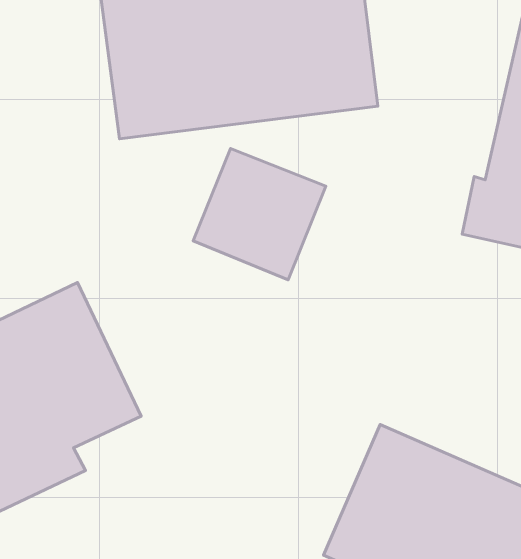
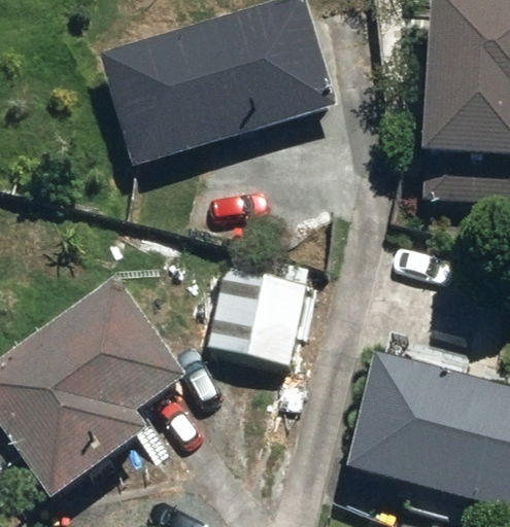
building: [193,149,326,280] -> [204,261,302,358]

